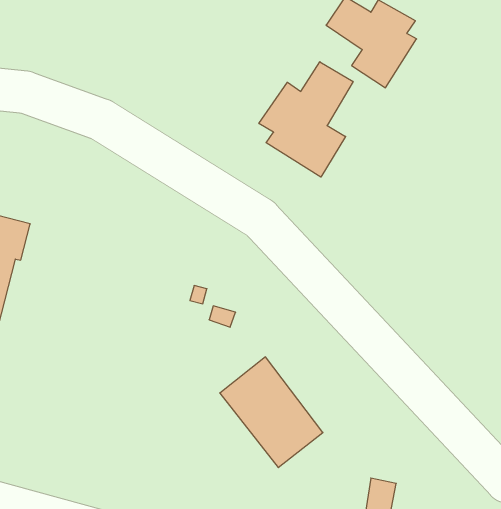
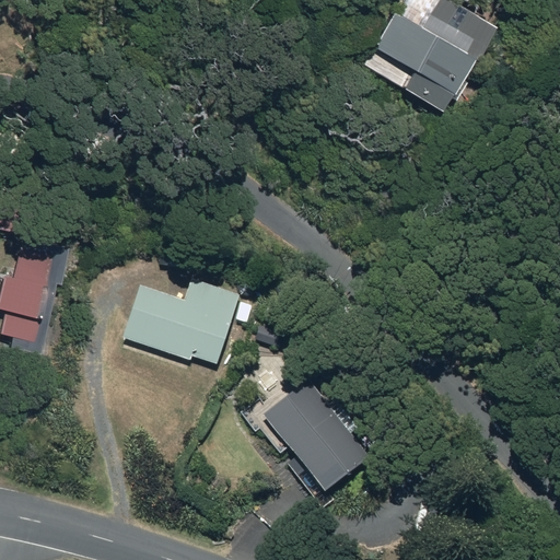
building: [259,62,353,177] -> none
building: none -> [124,282,238,364]

